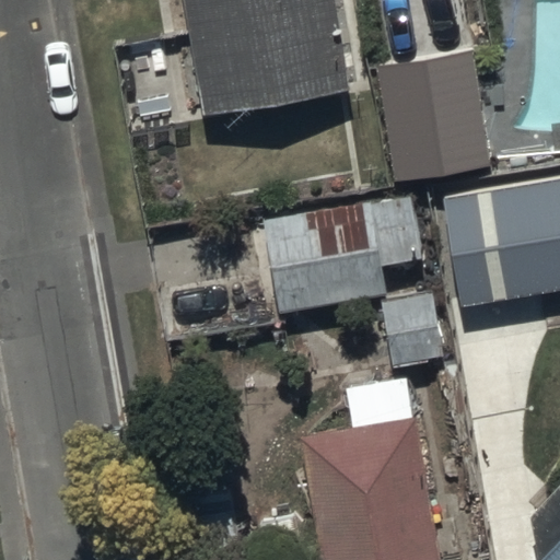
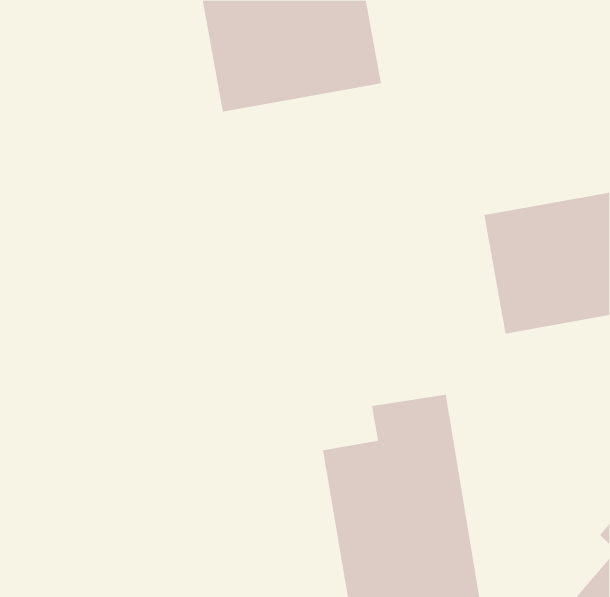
building: [380,59,489,180] -> none
building: [266,191,423,299] -> none

